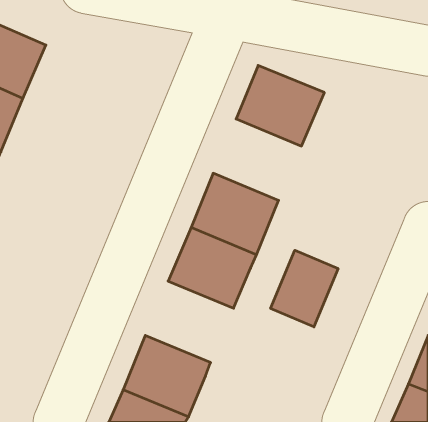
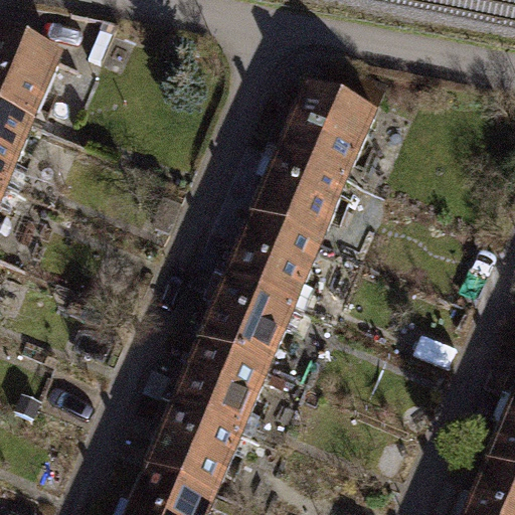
building: none -> [252,141,357,237]
building: [271,250,338,327] -> none
building: none -> [172,333,277,430]

